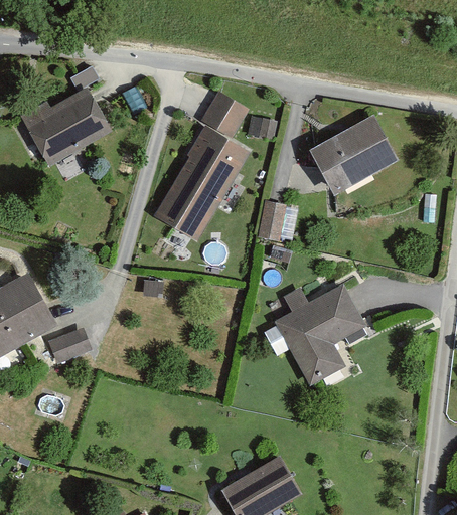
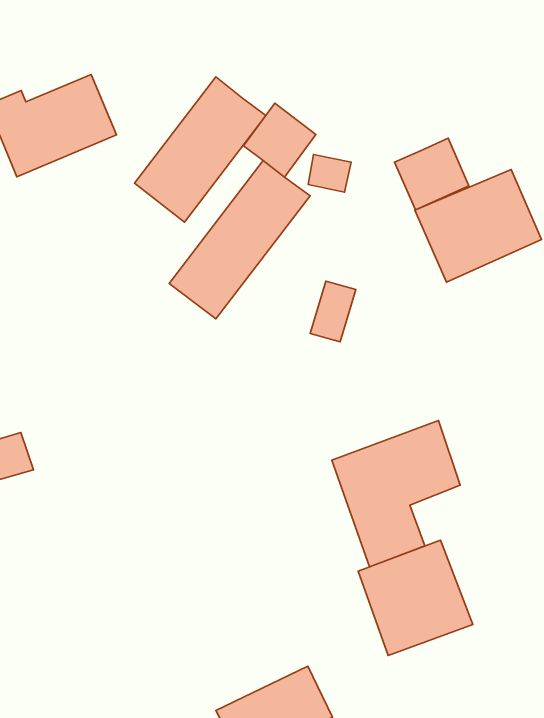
building: none -> [134,77,266,222]
building: none -> [395,138,469,210]
building: none -> [358,540,473,656]

